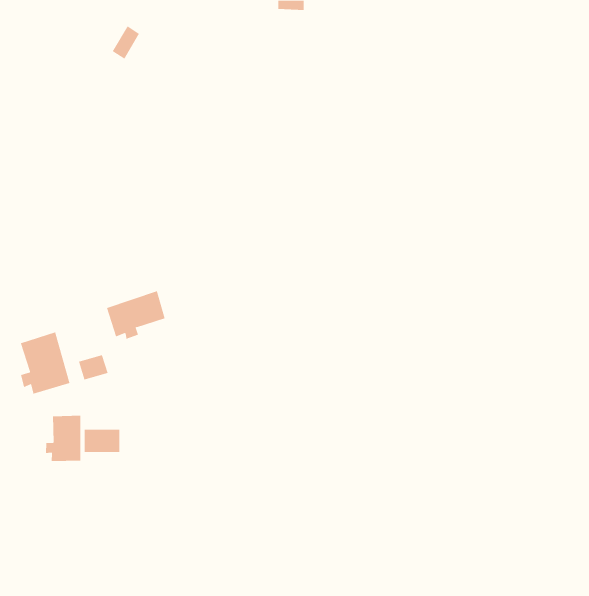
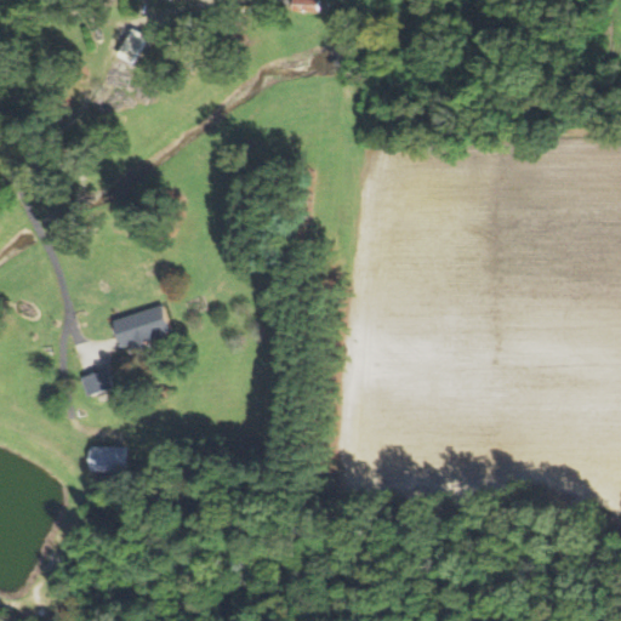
building: [20,331,70,395] -> none
building: [46,415,81,462] -> none

